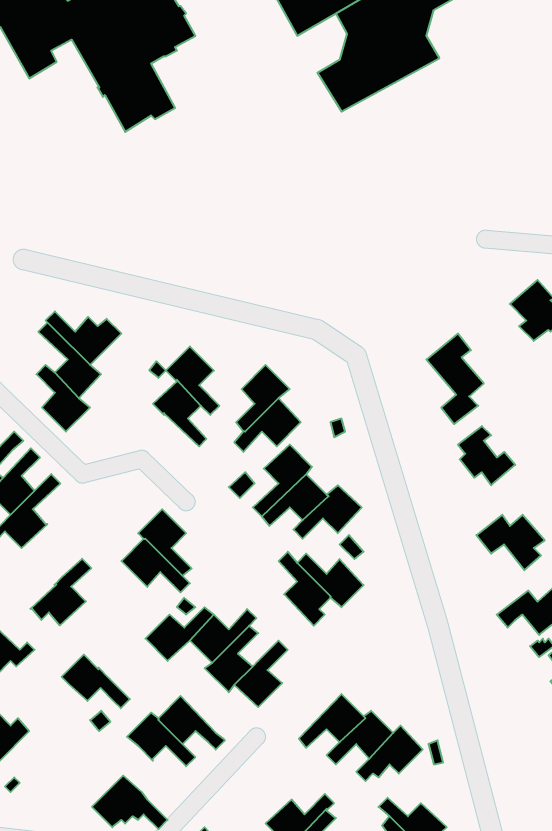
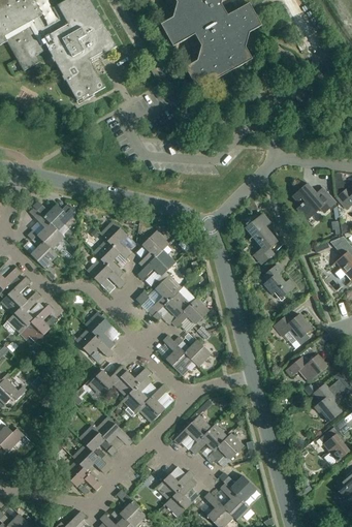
building: none -> [87,257,125,287]
building: [30,559,91,625] -> [20,305,54,342]
building: [62,655,130,708] -> [72,443,110,473]

